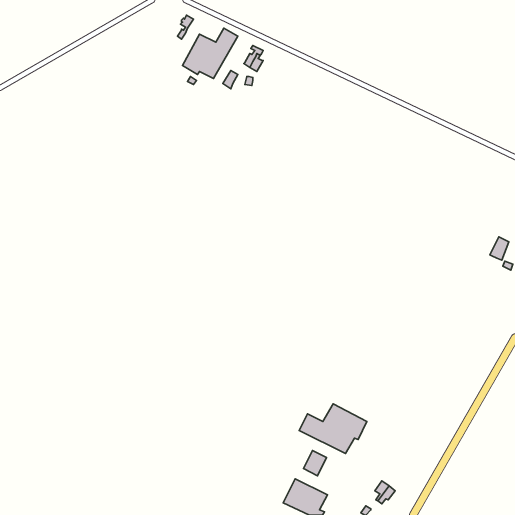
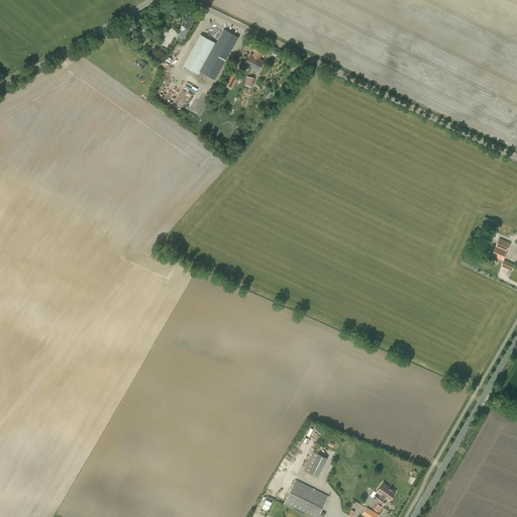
building: [299,404,367,454] -> none

